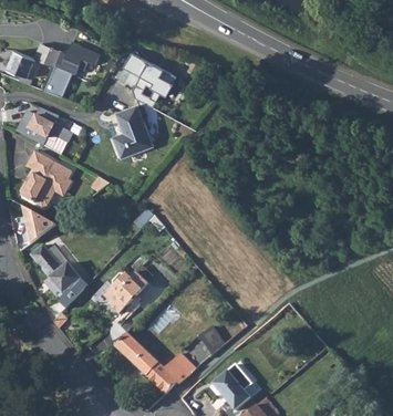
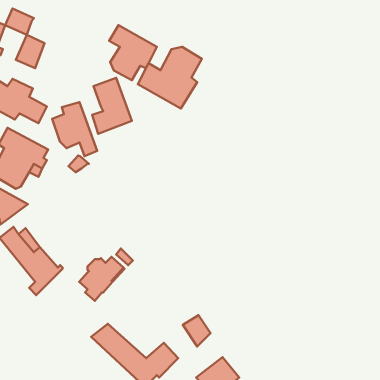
building: [54,40,101,74] -> none
building: none -> [138,47,202,109]
building: none -> [52,102,97,156]

